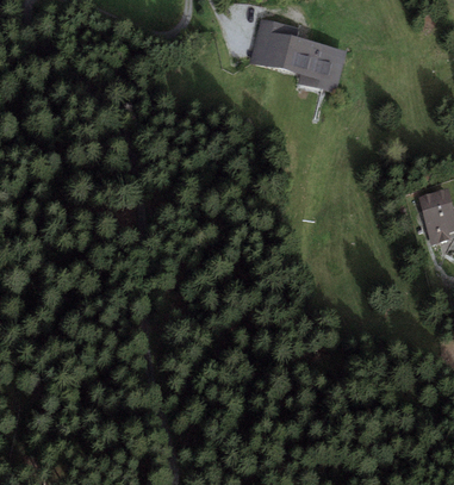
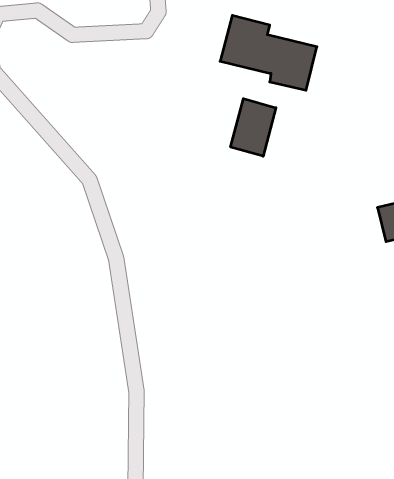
building: none -> [231,99,276,156]

